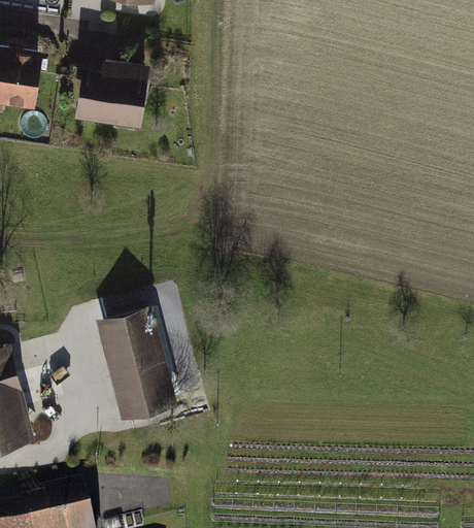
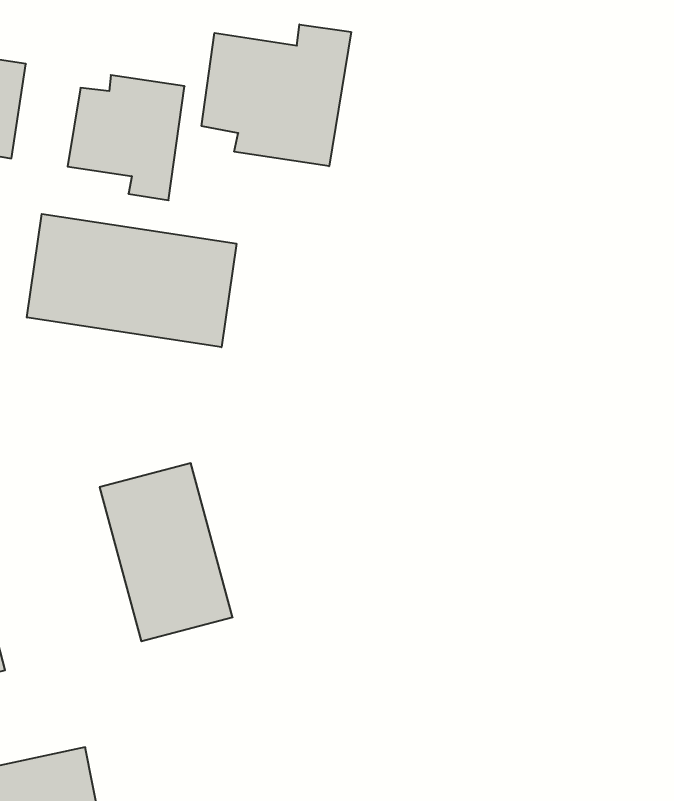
building: none -> [202,24,351,166]
building: none -> [27,214,236,347]

